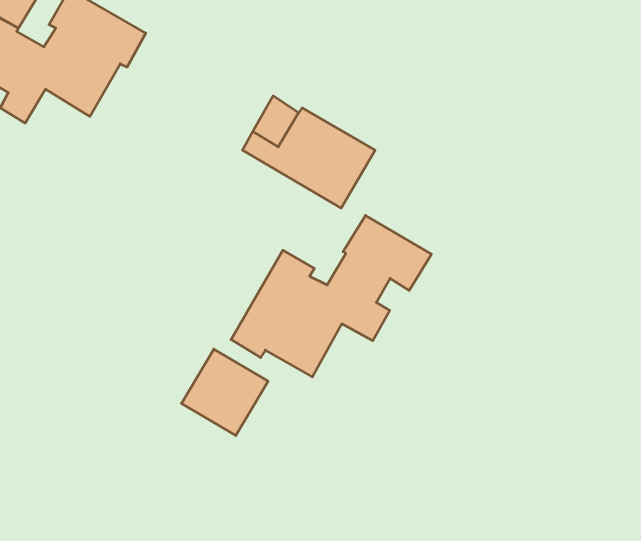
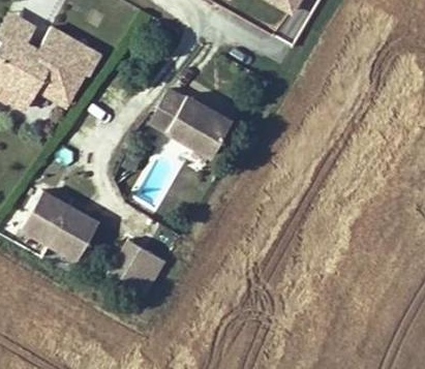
building: [231,215,431,377] -> none
building: none -> [22,191,99,260]

